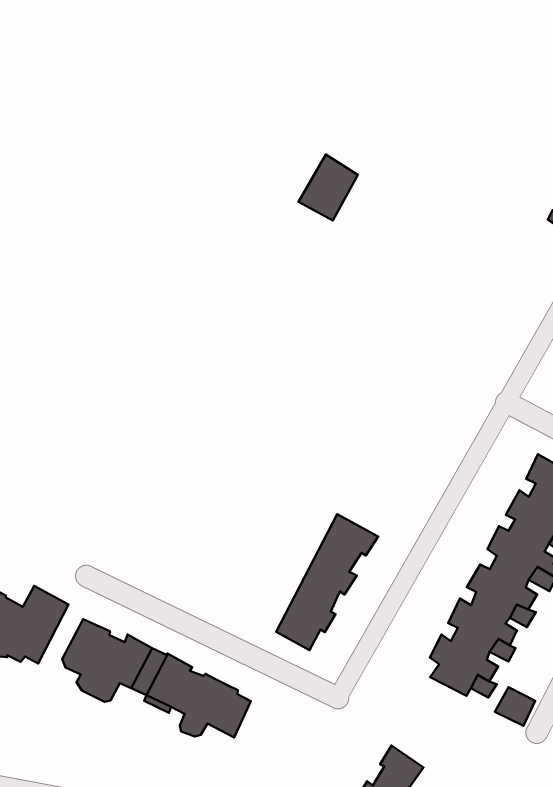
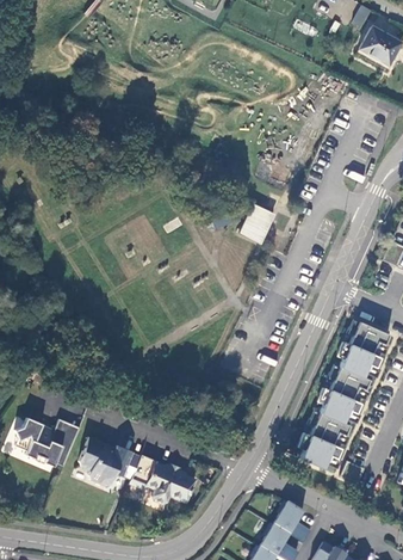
building: [299,155,358,220] -> [236,202,271,241]
building: [276,514,378,650] -> none

